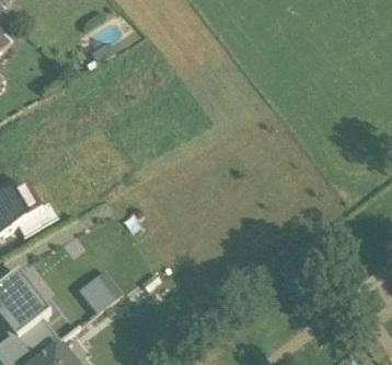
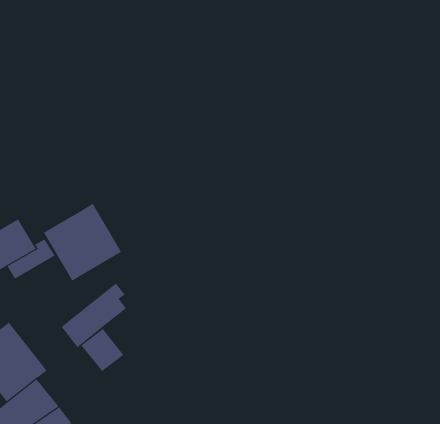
building: none -> [43,203,122,282]
building: none -> [61,283,127,348]

